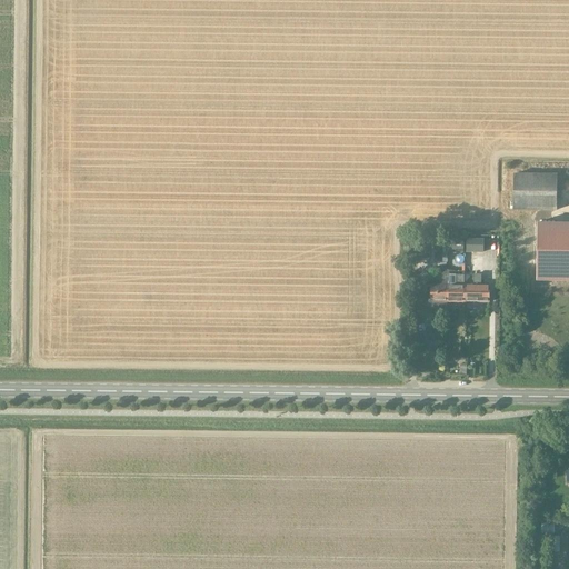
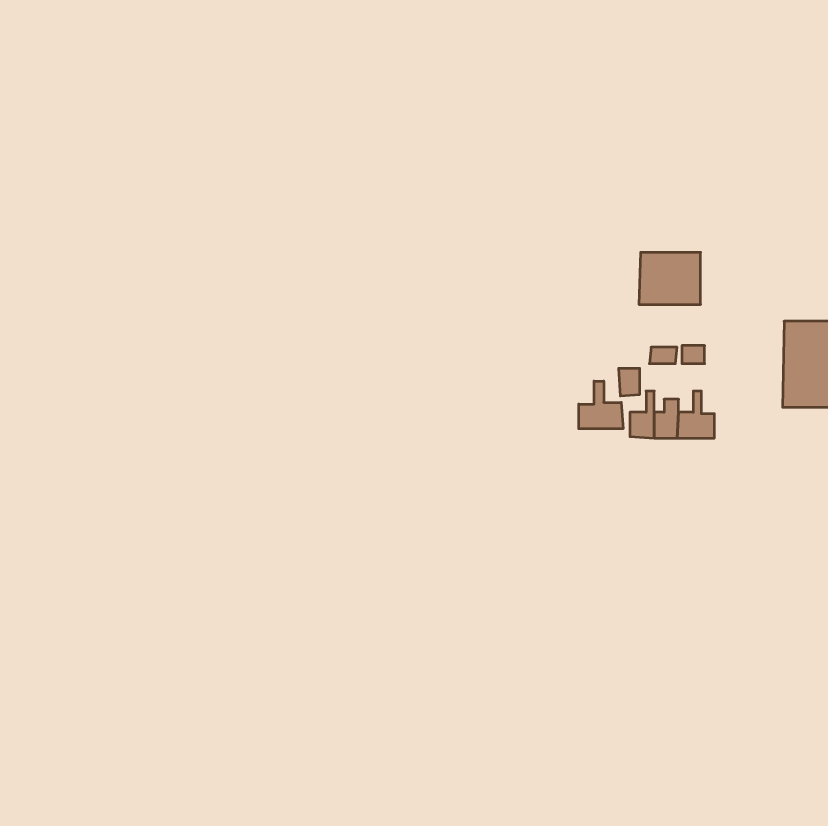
building: [515,172,557,208] -> [639,252,701,304]
building: none -> [579,381,623,429]

